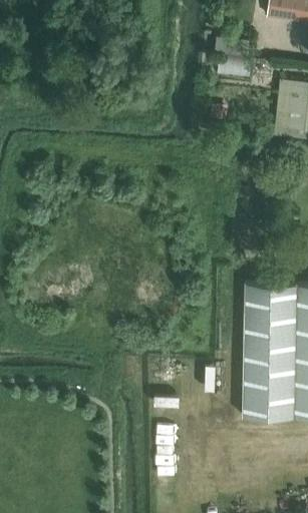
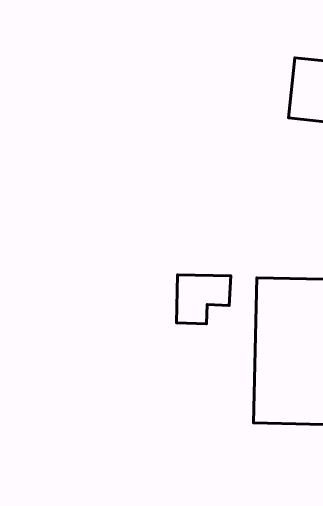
building: none -> [176,275,231,324]

